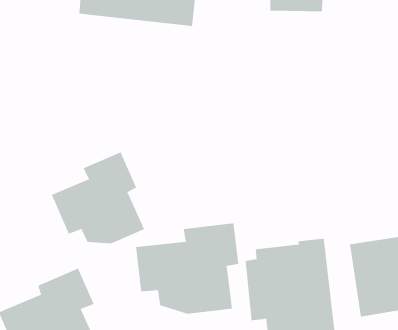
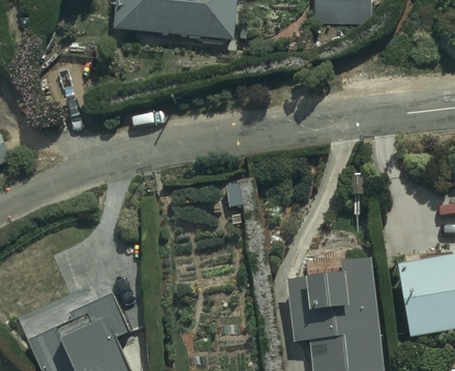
building: [51,151,145,244] -> none
building: [136,223,239,314] -> none

